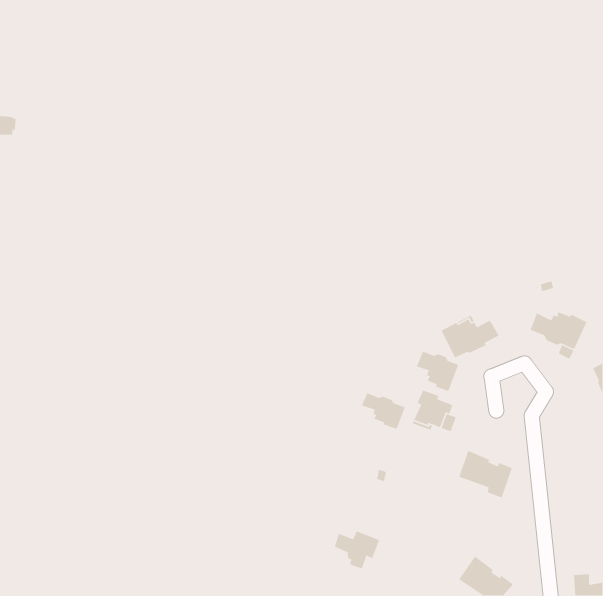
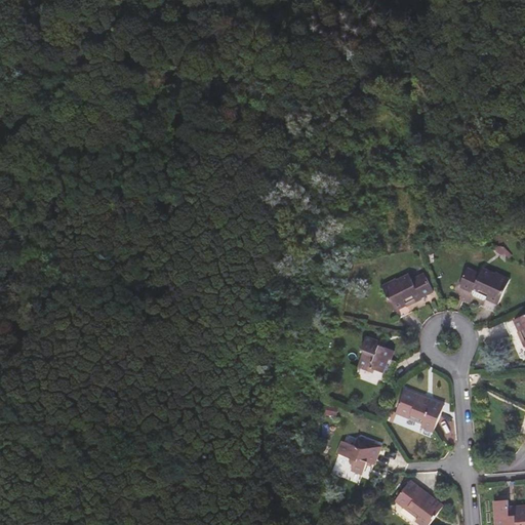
building: [416,351,459,392] -> none
building: [361,392,406,430] -> none
building: [334,530,380,569] -> [339,439,379,473]

